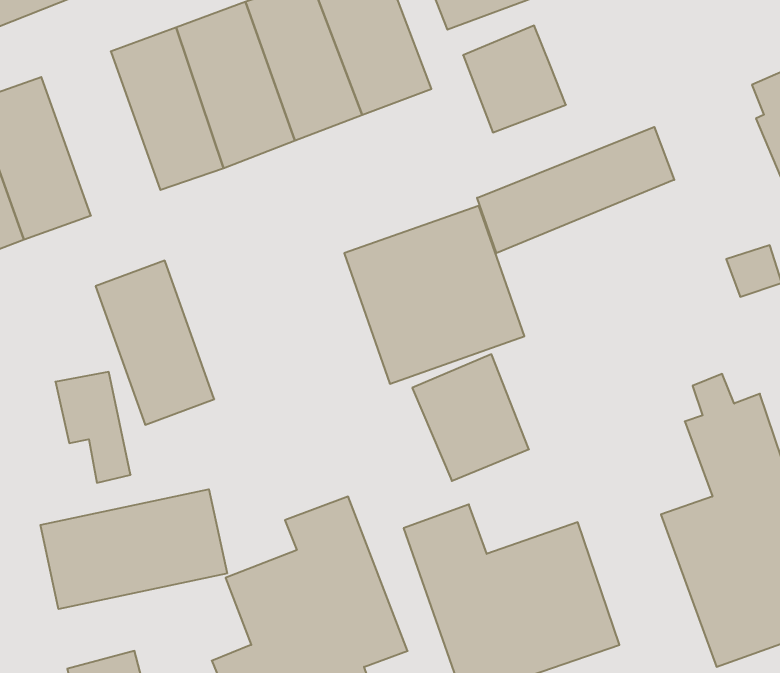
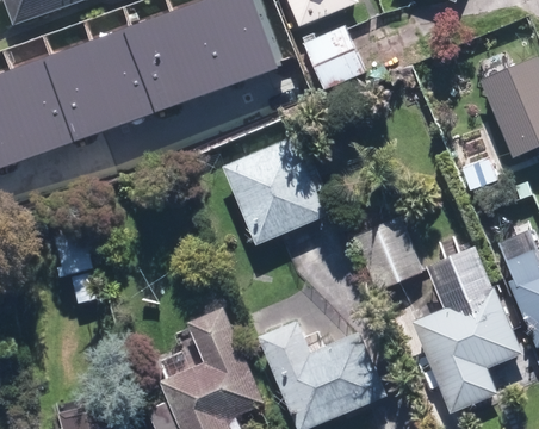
building: [477,127,674,253] -> none
building: [96,261,214,425] -> [42,42,113,141]
building: [412,354,529,481] -> [351,214,421,291]
building: [40,489,227,609] -> none

